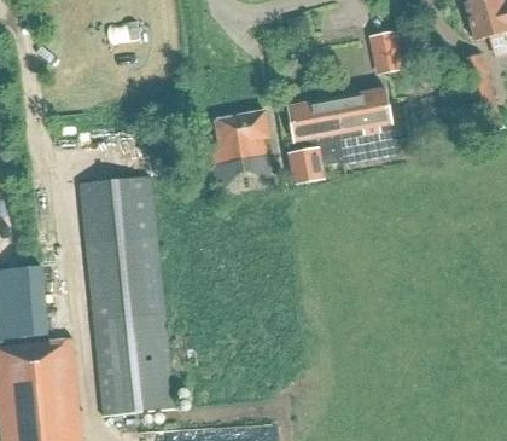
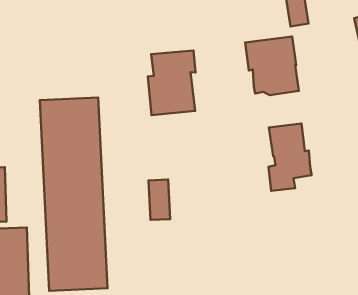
building: [287,98,343,182] -> [269,123,312,191]
building: none -> [149,180,170,220]

